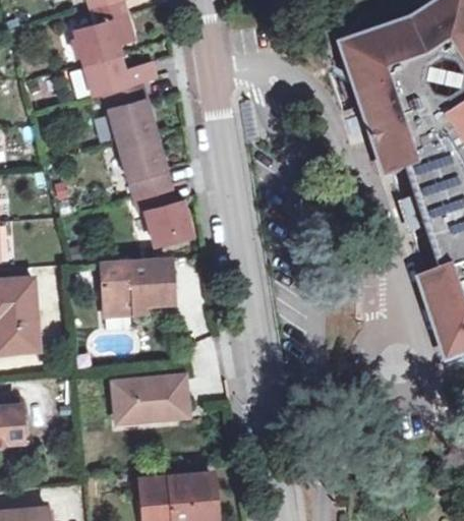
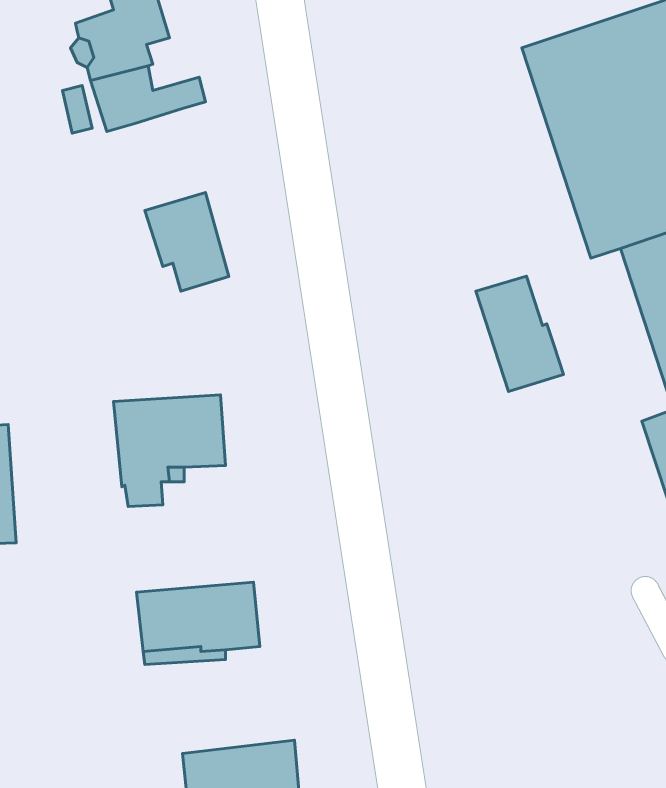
building: [108,81,155,144] -> none
building: none -> [476,276,563,391]
building: [139,185,190,245] -> none

